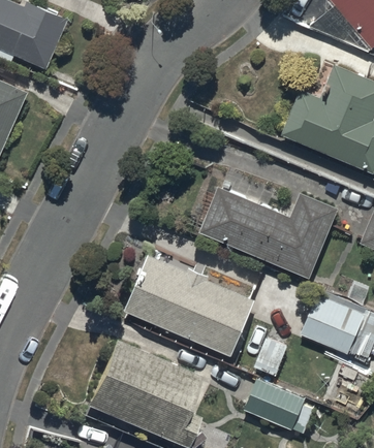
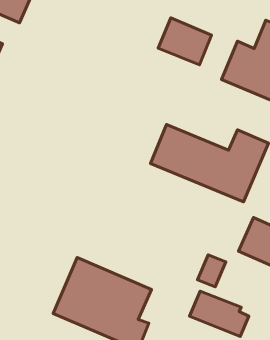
building: none -> [158,18,211,65]
building: [127,255,255,356] -> none

